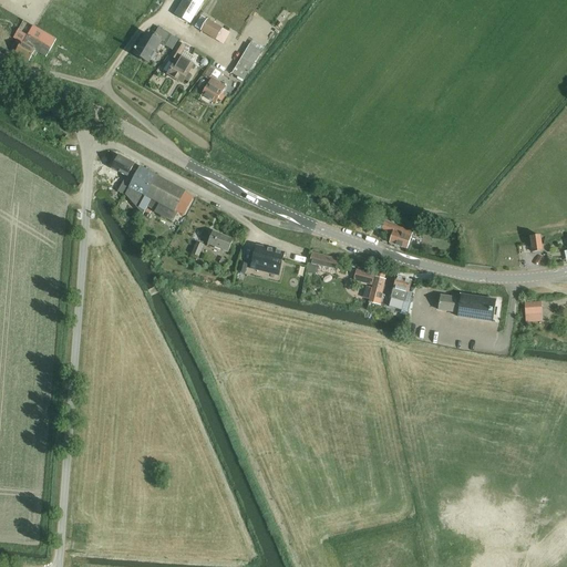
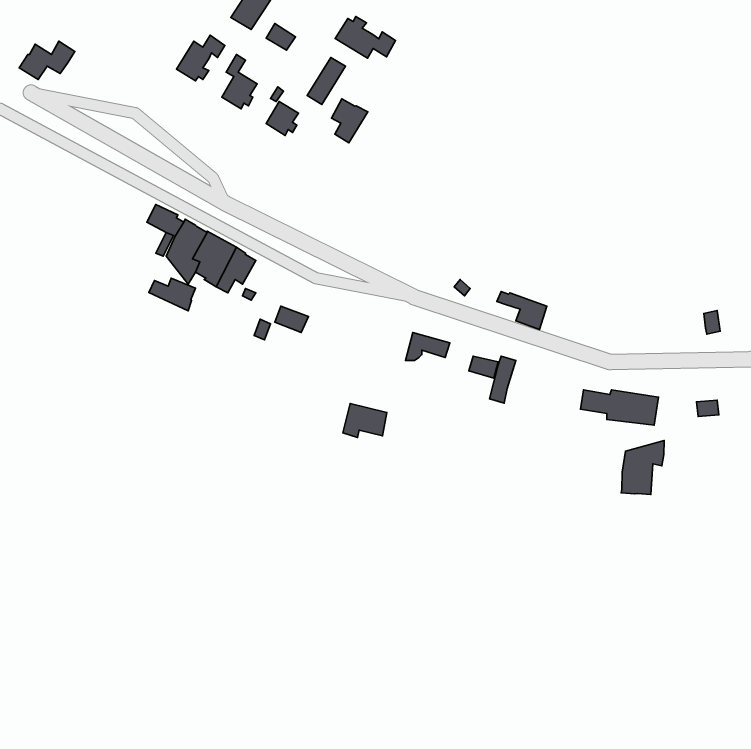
building: none -> [335,17,396,58]
building: none -> [331,99,368,143]
building: none -> [149,278,195,311]
building: [250,245,284,270] -> [343,404,387,437]
building: [389,275,411,309] -> none
building: none -> [621,441,664,494]

